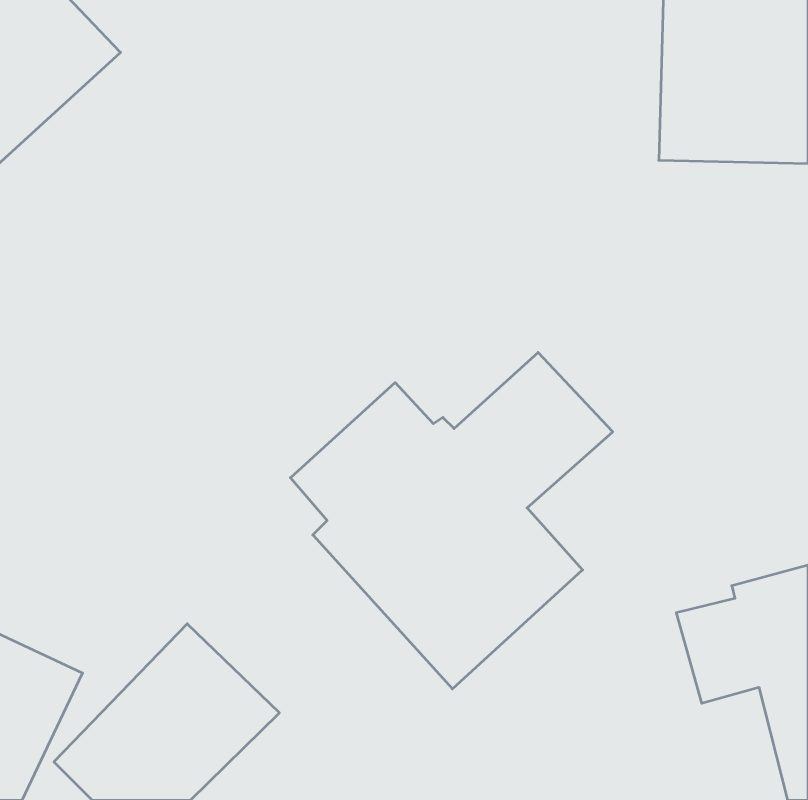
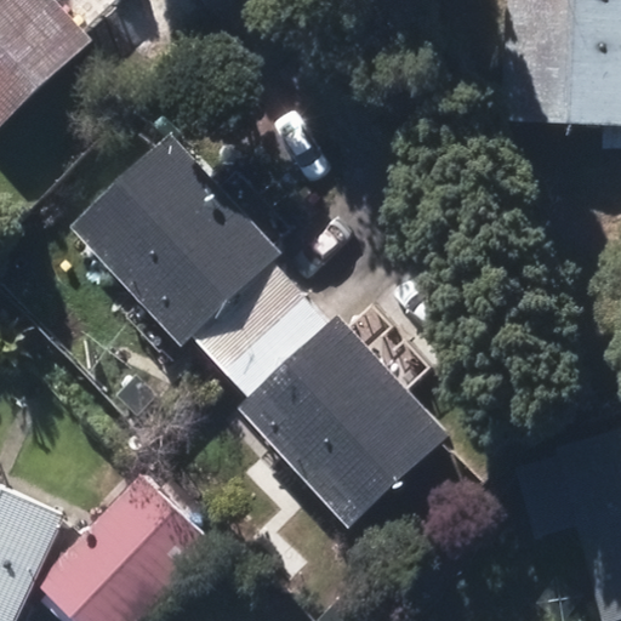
building: none -> [73,138,302,365]

